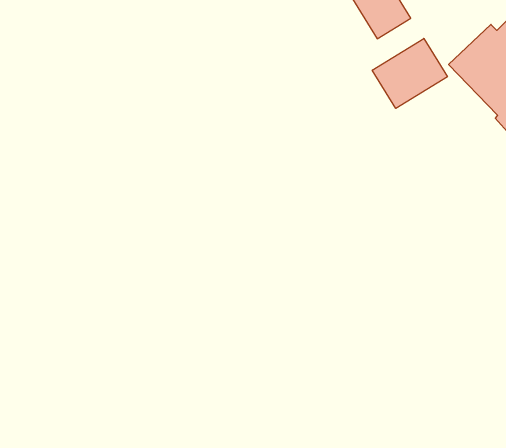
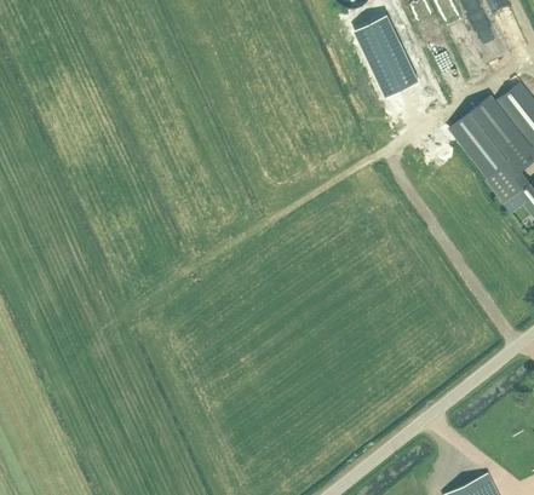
building: [372,38,447,108] -> none

